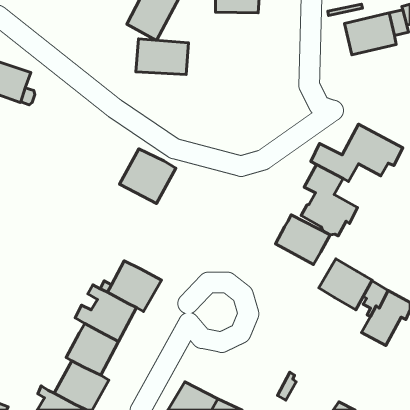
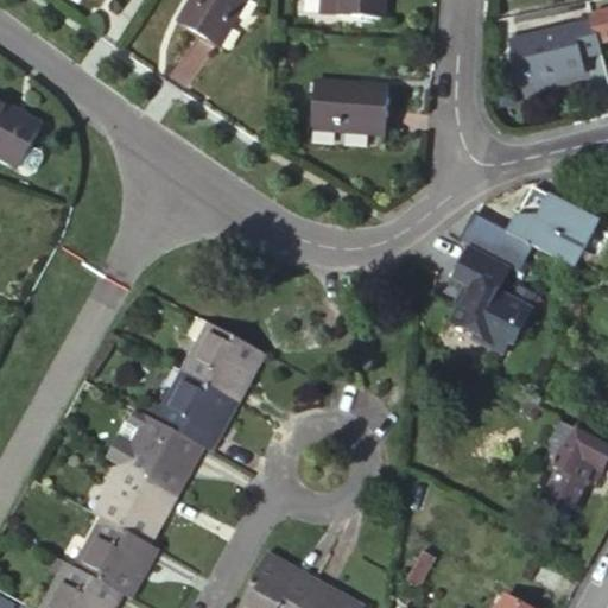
building: [136,39,188,74] -> [312,81,390,133]
building: [119,149,176,204] -> [183,331,266,412]
building: [275,215,330,264] -> none
building: [319,259,372,310] -> none

